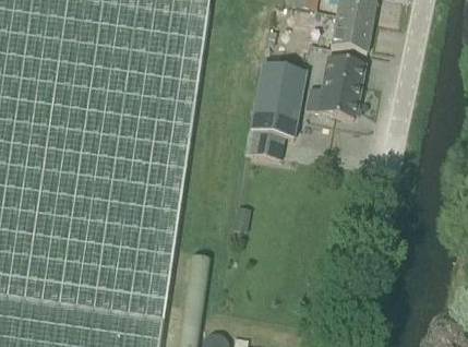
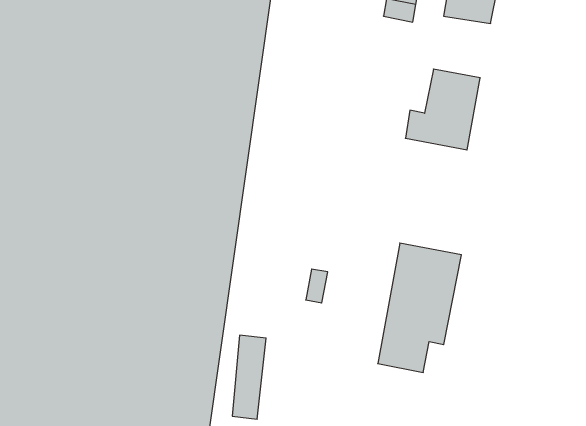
building: [329,22,370,57] -> none
building: [243,67,305,163] -> [378,243,461,372]

